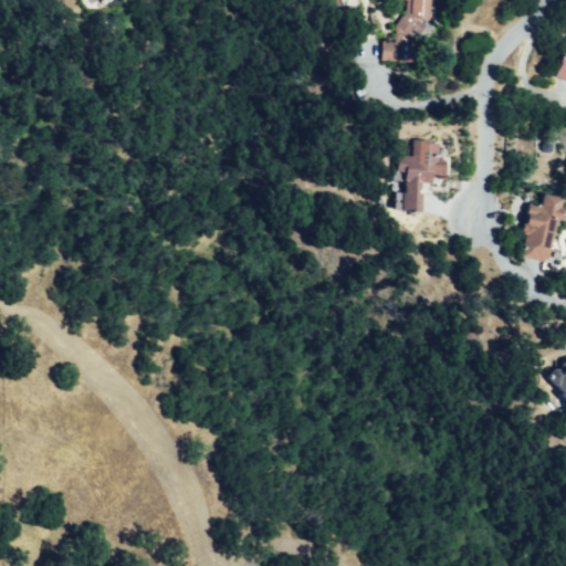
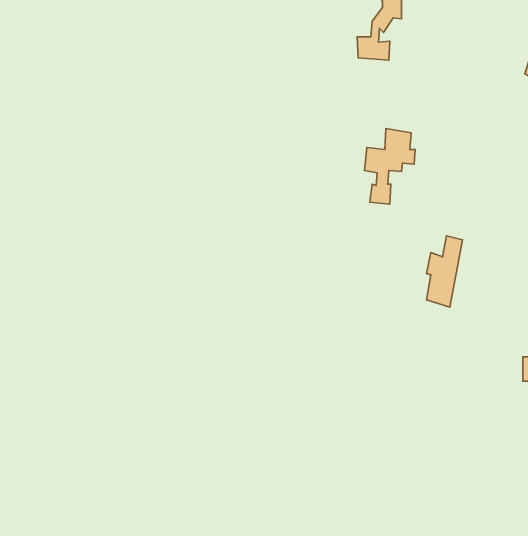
building: [523,191,560,266] -> [427,236,462,307]

